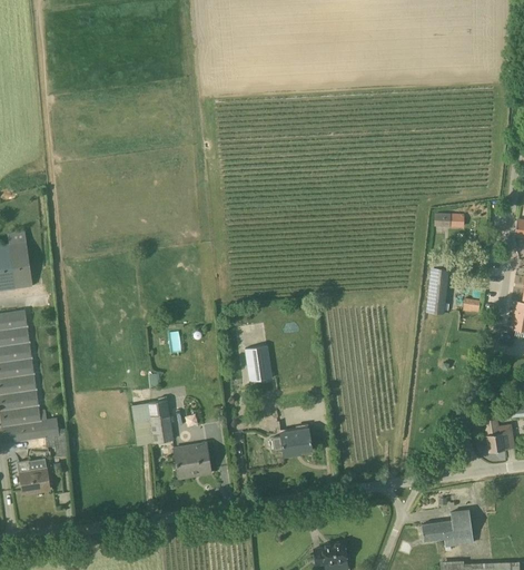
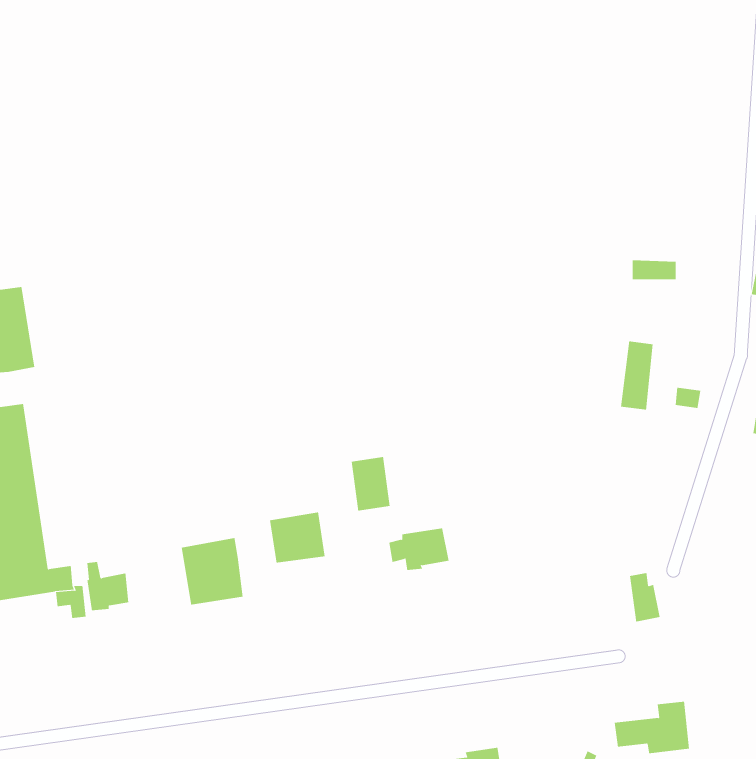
building: [484,419,505,452] -> [629,572,660,622]
building: [271,428,313,456] -> [388,528,450,571]
building: [174,443,211,478] -> [269,512,325,563]
building: [20,460,49,493] -> [86,561,129,611]

